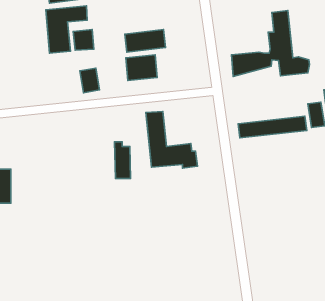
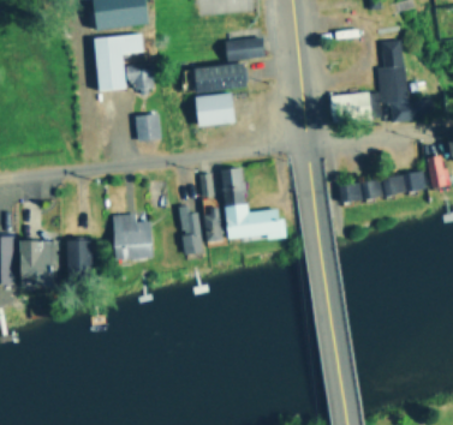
building: none -> [225,38,264,60]
building: none -> [113,214,153,261]
building: none -> [66,240,91,273]

